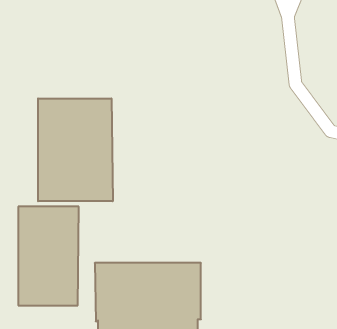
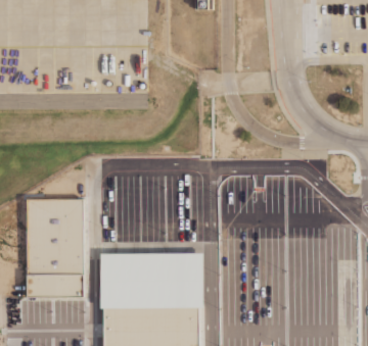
building: [38,98,113,201] -> none

